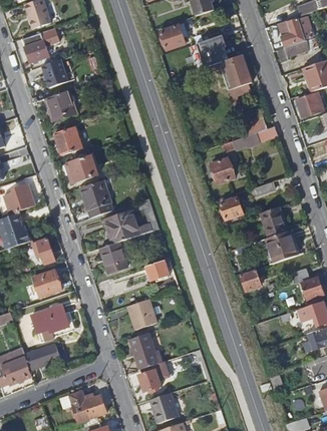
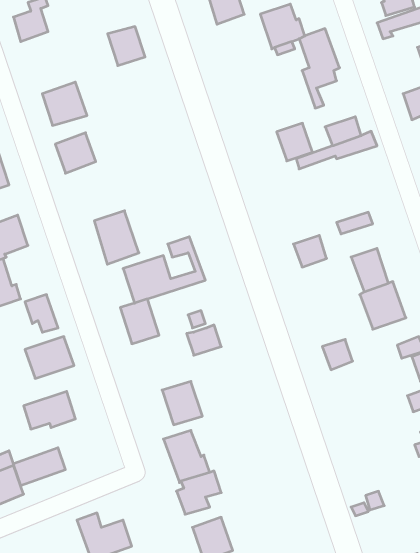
building: [42,60,68,87] -> [108,27,145,66]
building: [69,155,98,182] -> none
building: [211,157,236,183] -> [277,123,313,161]

